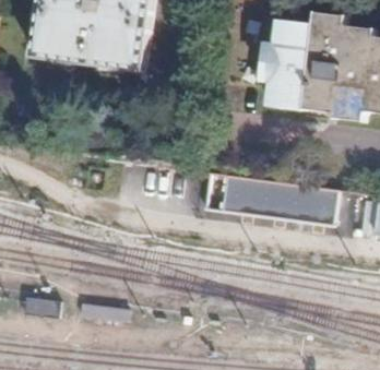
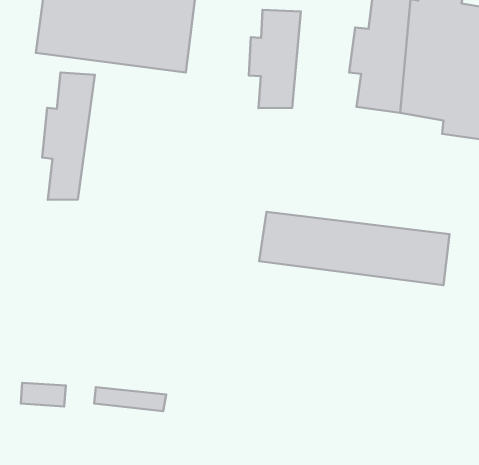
building: none -> [249,10,301,108]
building: none -> [42,72,95,200]

